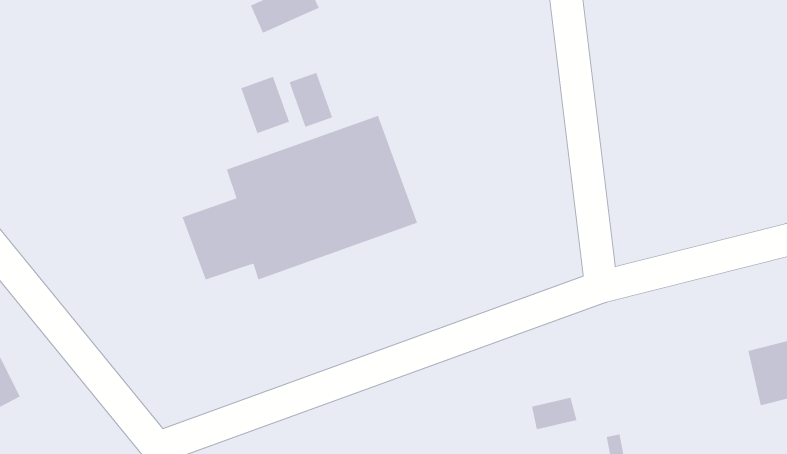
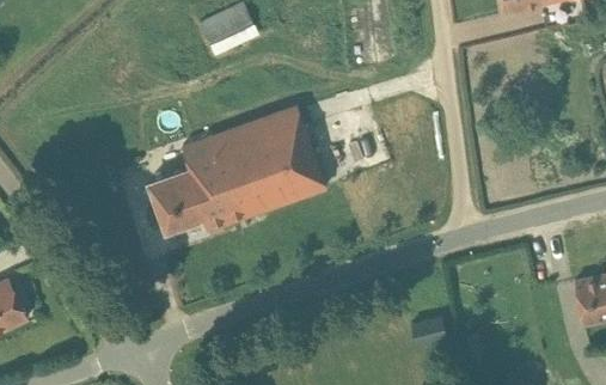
building: [289,72,333,128] -> none
building: [240,76,290,134] -> none

